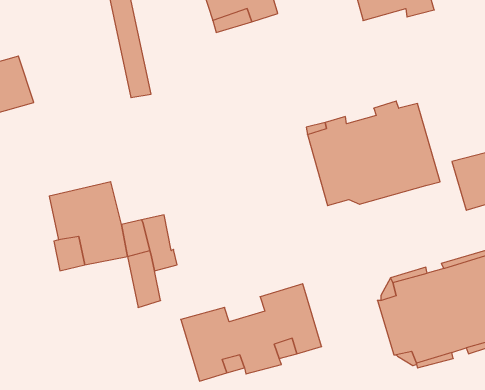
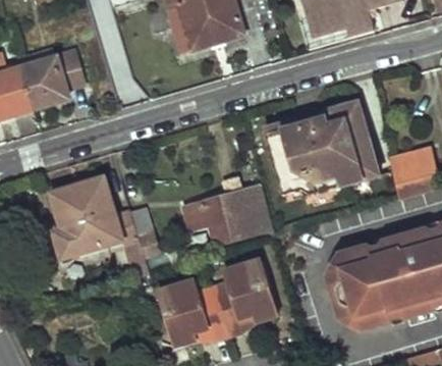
building: none -> [19,51,82,105]
building: none -> [186,192,277,244]

